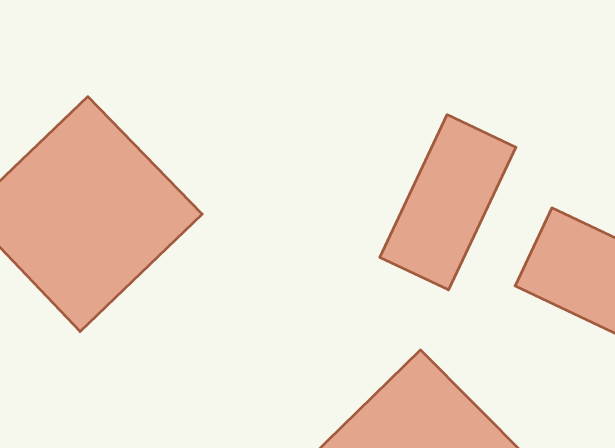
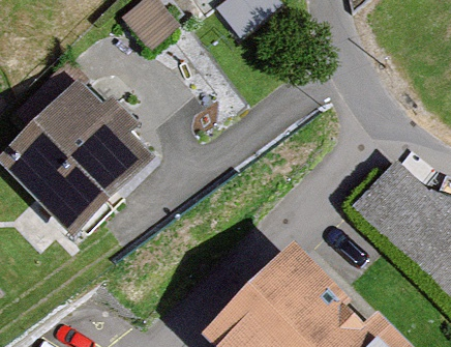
building: [380,115,516,290] -> none

